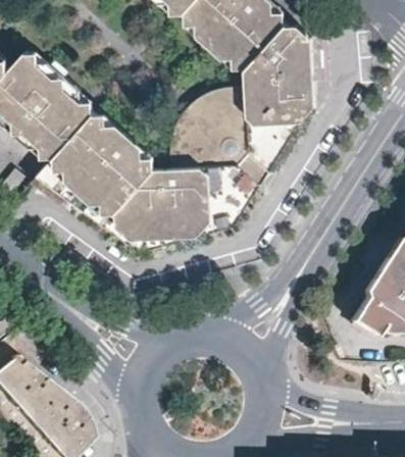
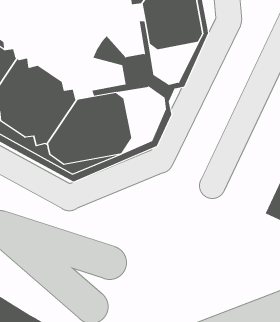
building: [199,84,239,123] -> none
building: [246,112,302,161] -> none
building: [172,119,212,156] -> none
building: [198,161,254,233] -> none

